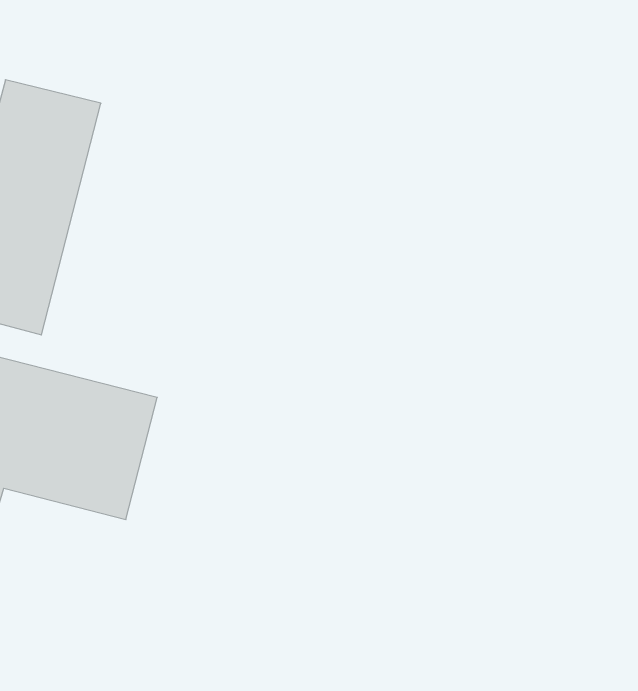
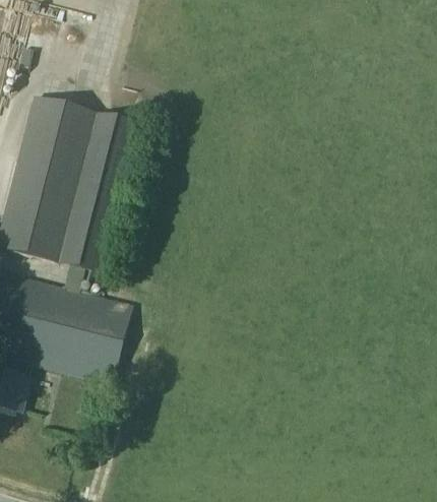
building: none -> [47,110,129,271]

